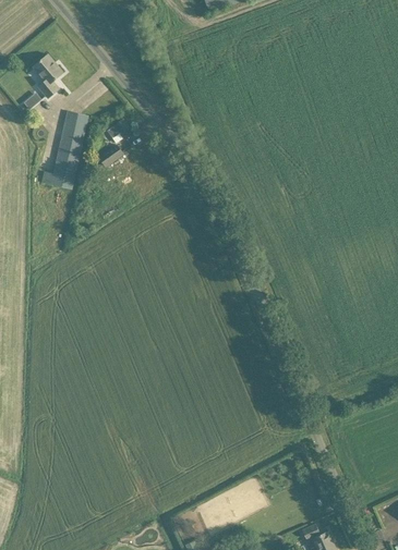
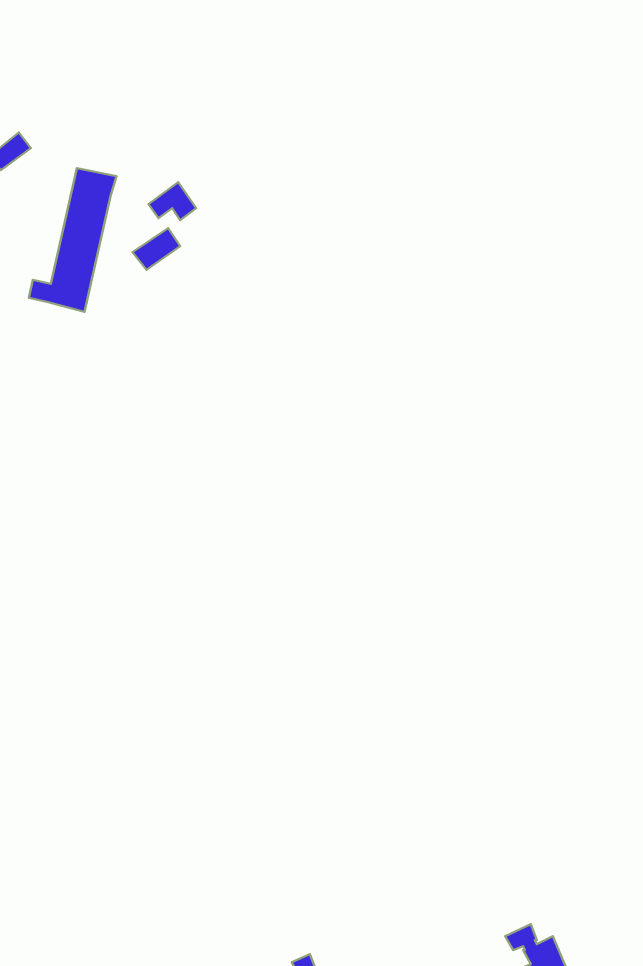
building: [33,53,63,97] -> none

